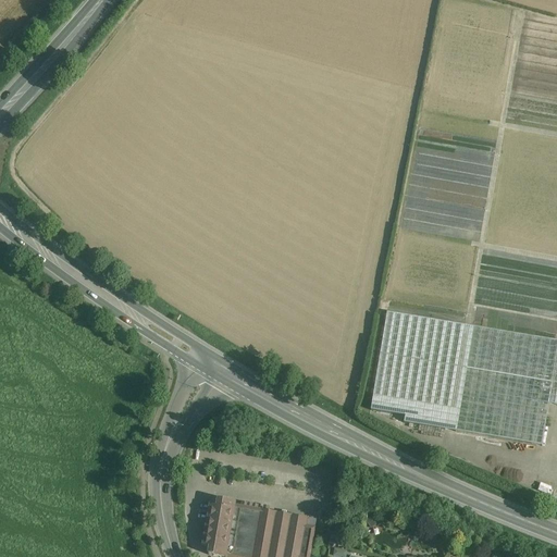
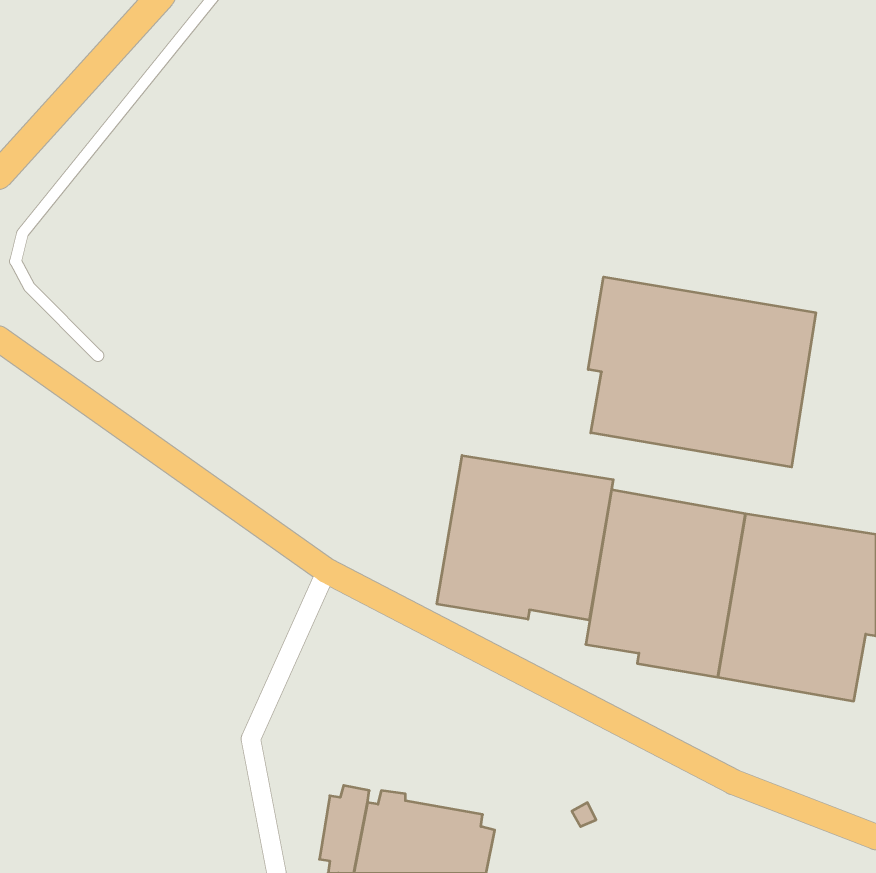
building: none -> [588,277,816,467]
building: none -> [437,455,613,620]

